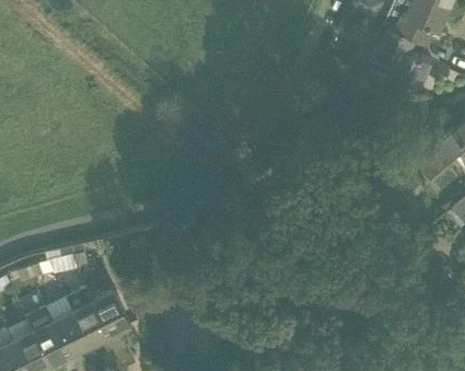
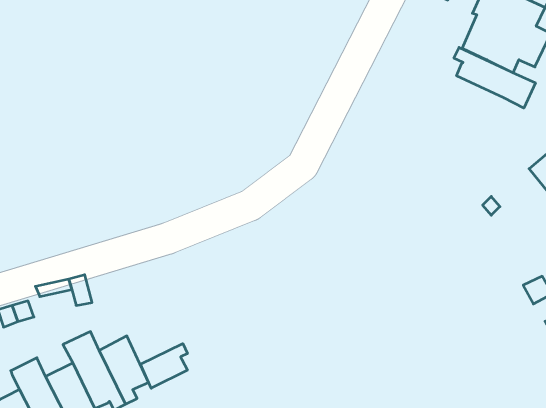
building: none -> [454,47,535,108]
building: none -> [140,344,187,388]

